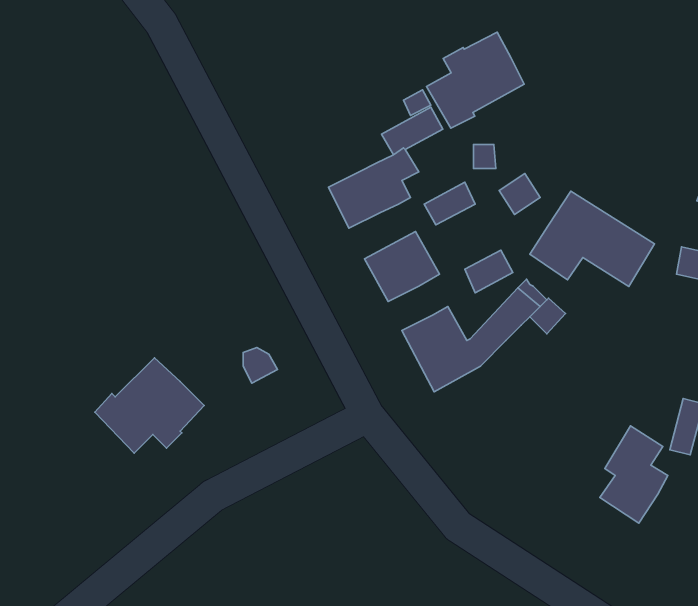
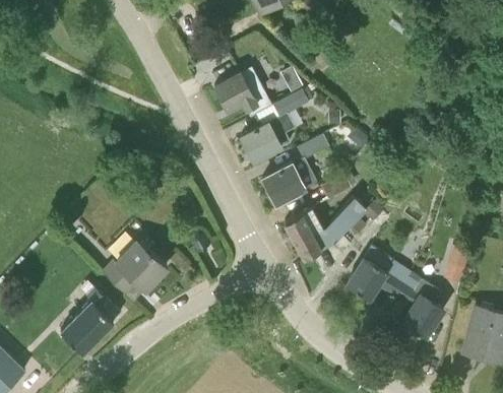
building: [426,32,524,128] -> none
building: none -> [214,73,258,112]
building: [530,191,654,287] -> [347,248,421,305]
building: none -> [60,293,121,353]

